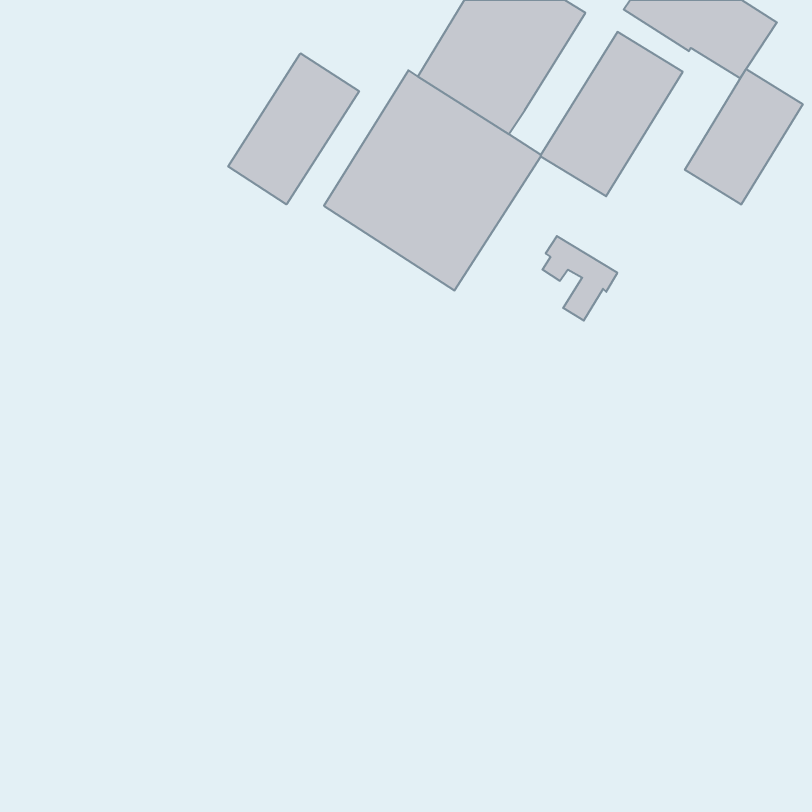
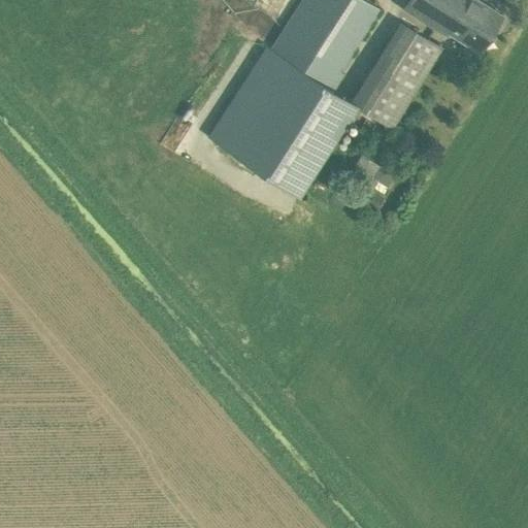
building: [228,53,359,204] -> none
building: [685,69,803,205] -> none

